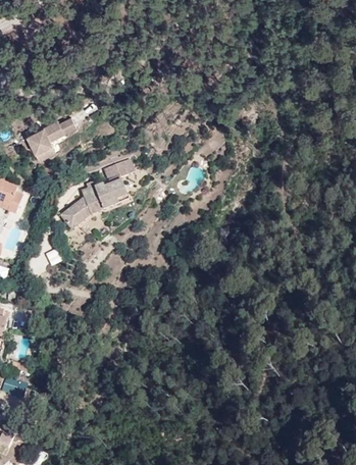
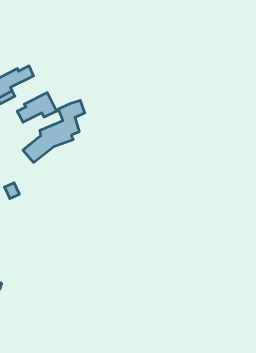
building: none -> [17,93,57,122]

